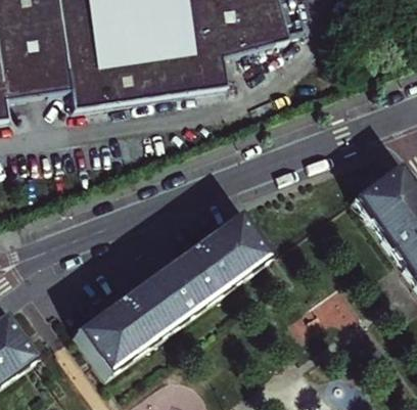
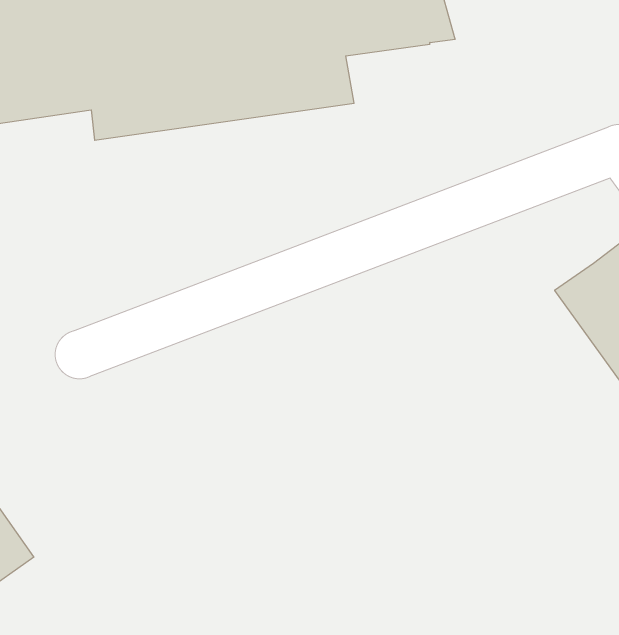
building: [79,210,275,374] -> none

